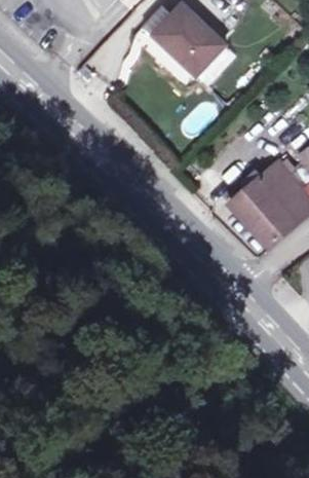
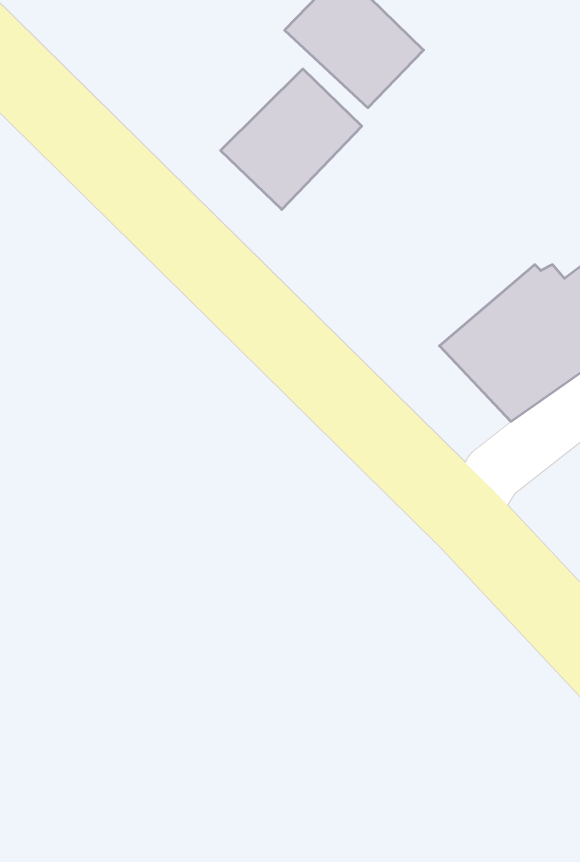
building: none -> [221,69,362,210]

